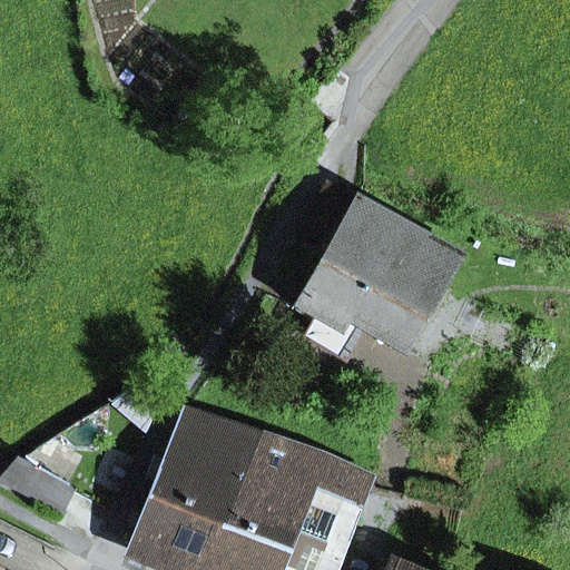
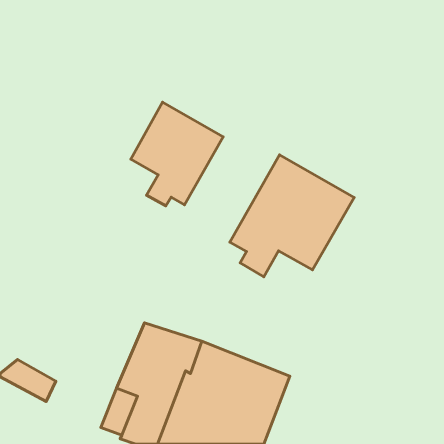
building: none -> [131,102,223,206]

